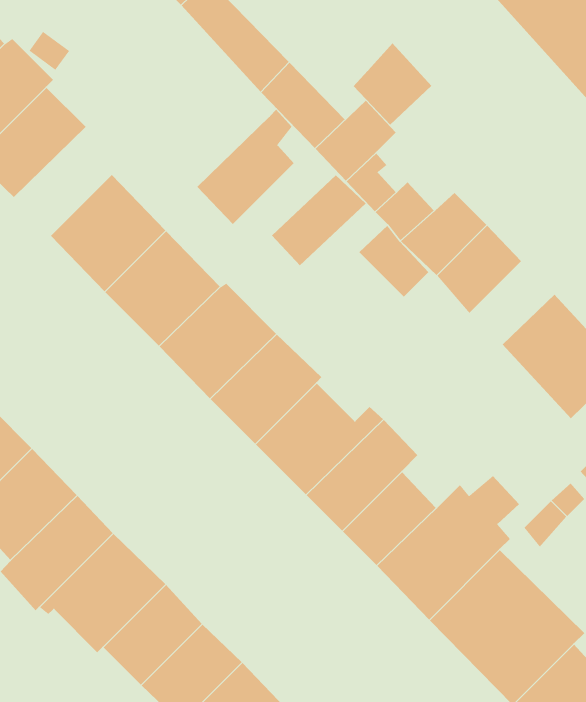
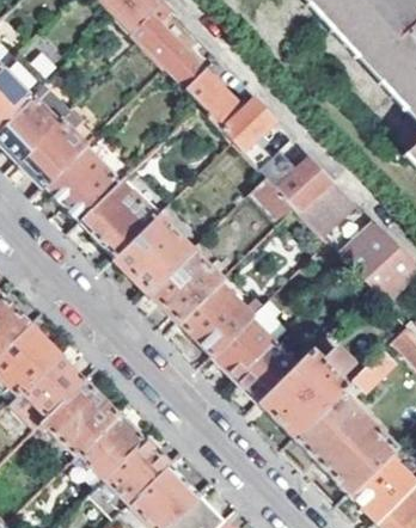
building: [353,42,432,126] -> none
building: [196,109,294,225] -> [20,108,85,184]
building: [271,175,367,266] -> none

